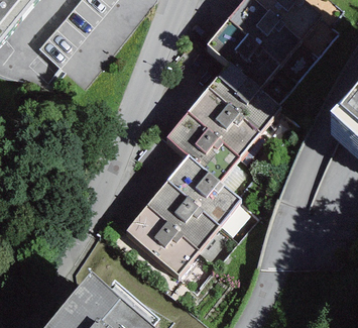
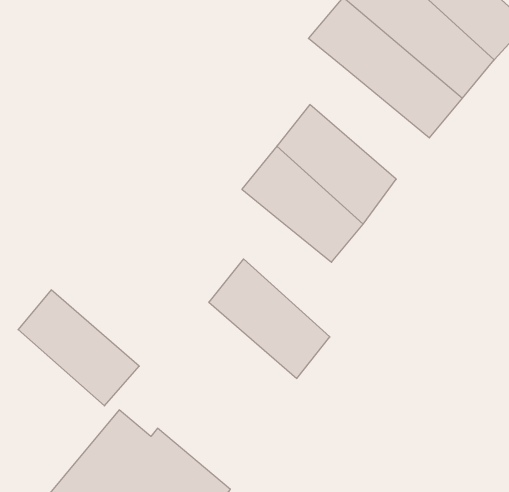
building: [206,64,278,132] -> none
building: [165,156,239,228] -> none
building: [124,207,198,278] -> [18,290,139,406]

